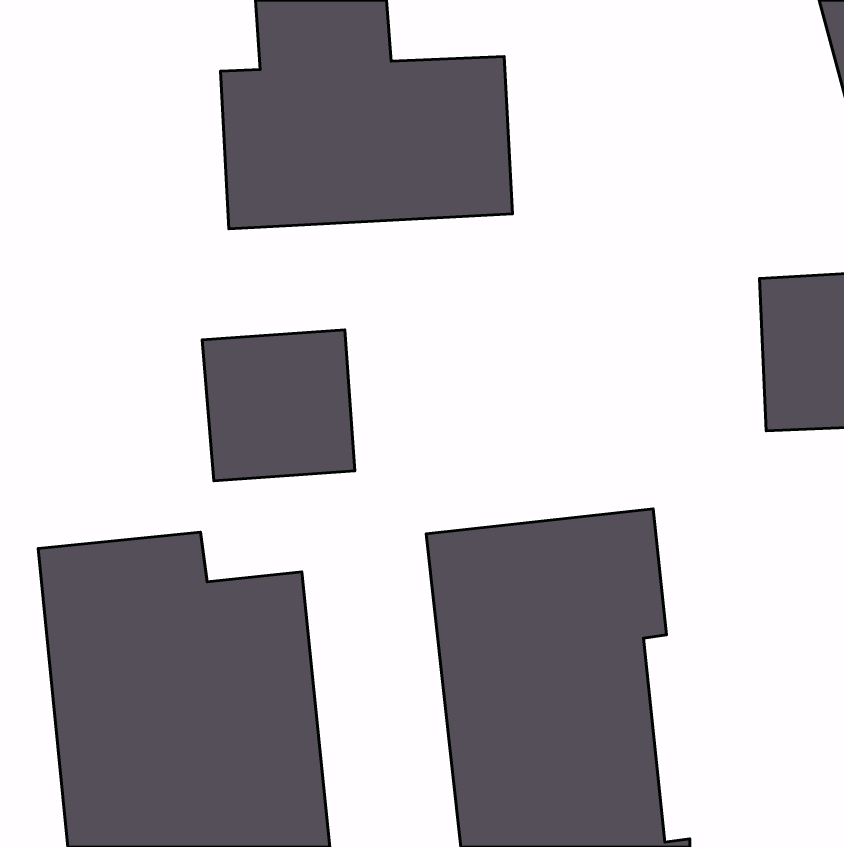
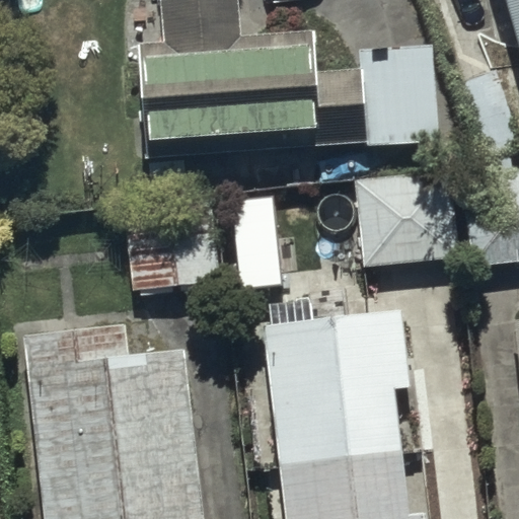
building: none -> [363,48,436,145]
building: none -> [356,175,450,268]

